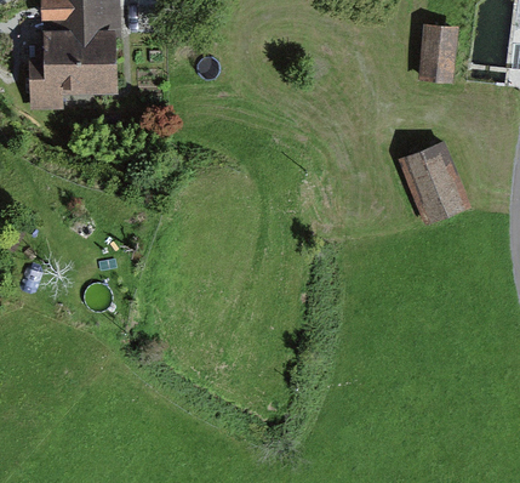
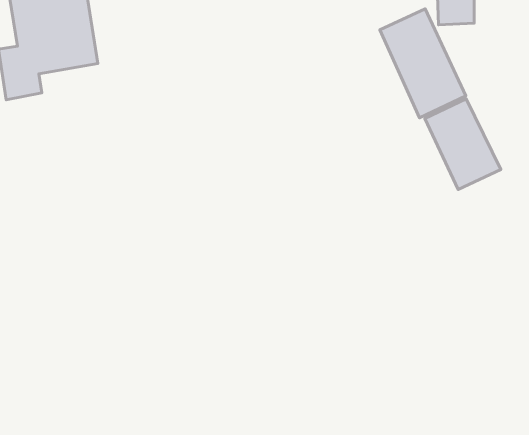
building: none -> [380,9,466,118]

